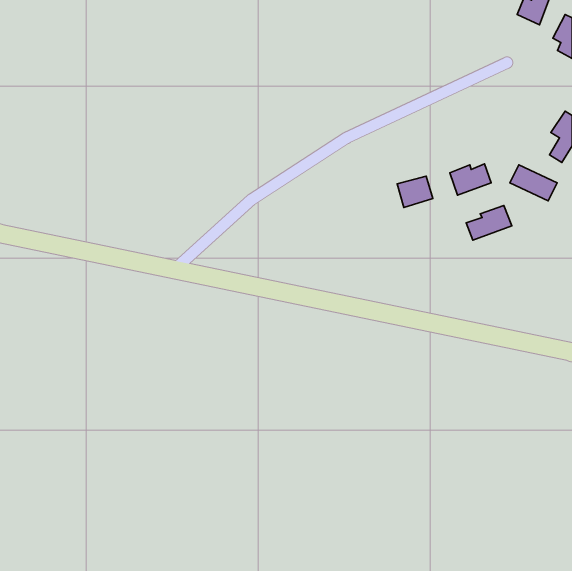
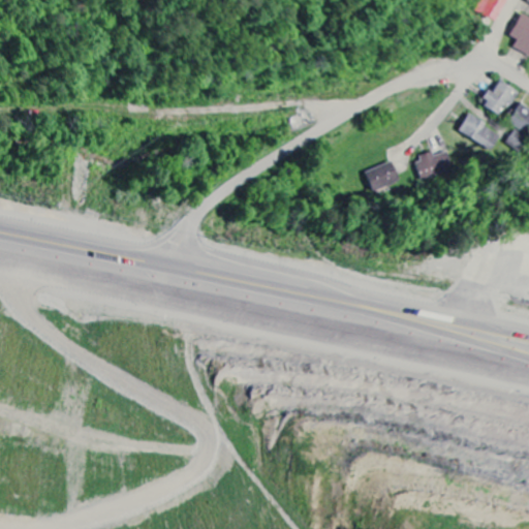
building: none -> [480,81,517,115]
building: [510,165,557,201] -> [458,116,501,149]
building: [466,206,512,240] -> none

